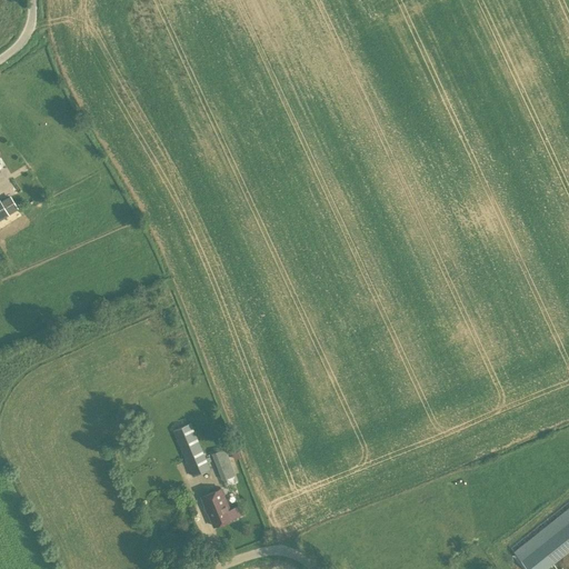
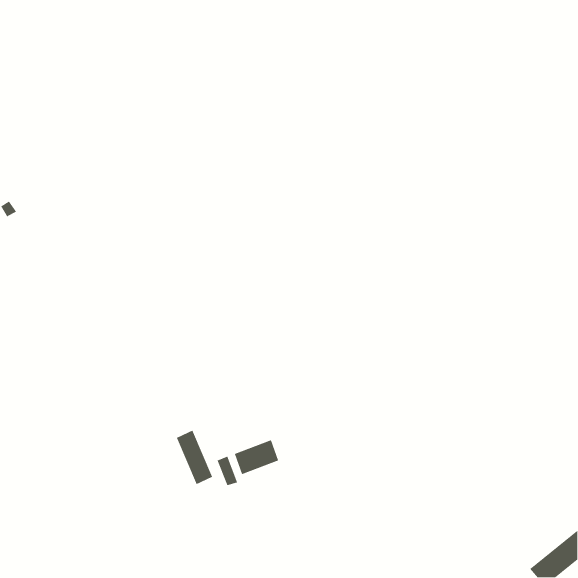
building: none -> [234,439,279,475]
building: [201,488,240,525] -> none

